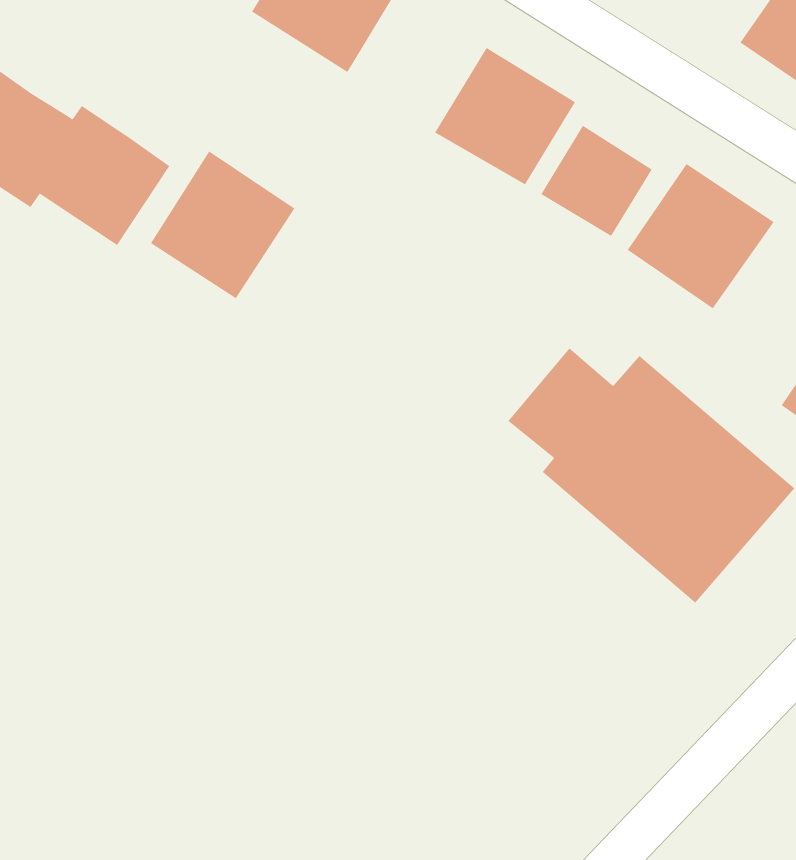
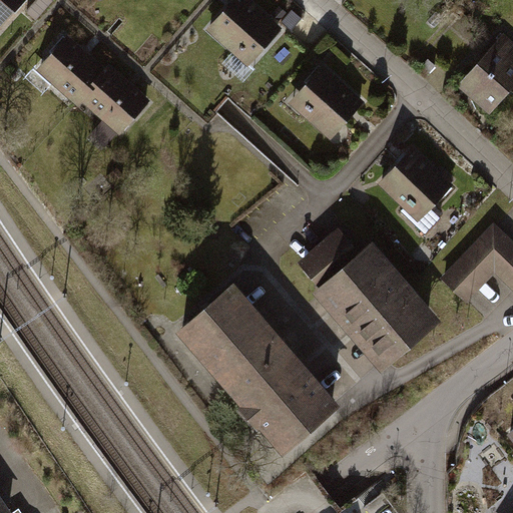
building: [541,125,652,237] -> none
building: [150,151,295,299] -> none
building: none -> [172,280,338,456]

